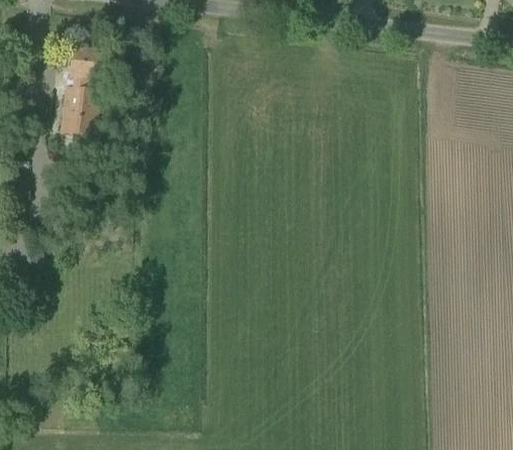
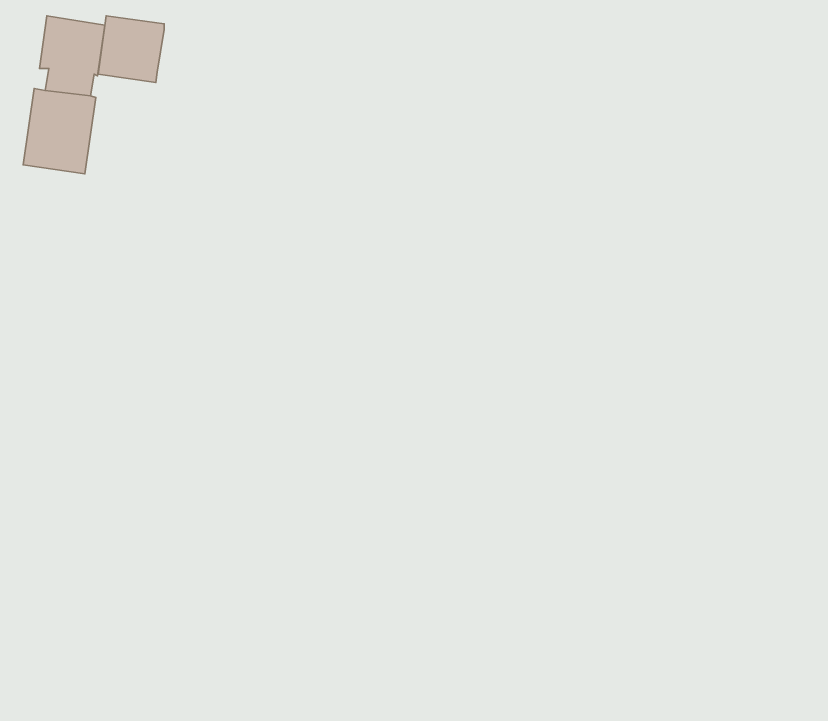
building: none -> [98,16,164,83]

